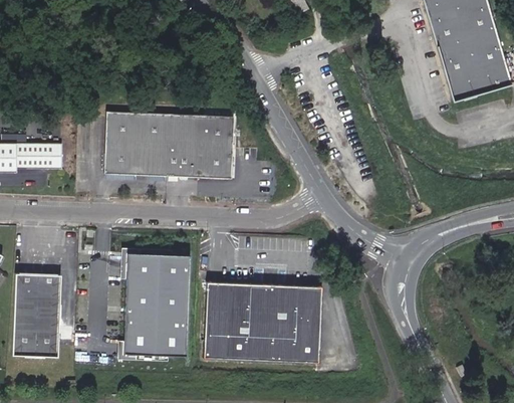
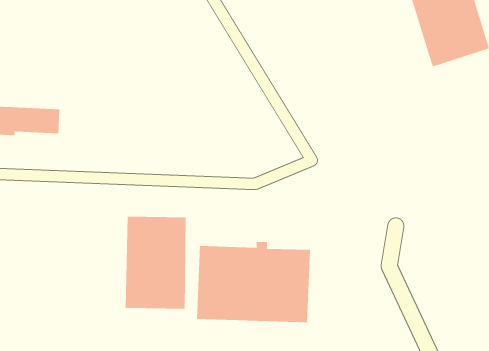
building: [103,113,233,179] -> none
building: [12,266,59,349] -> none

